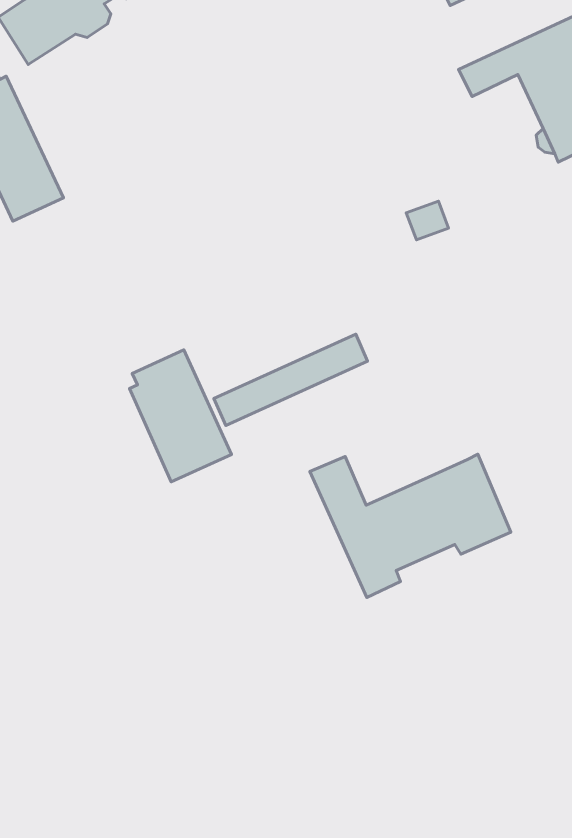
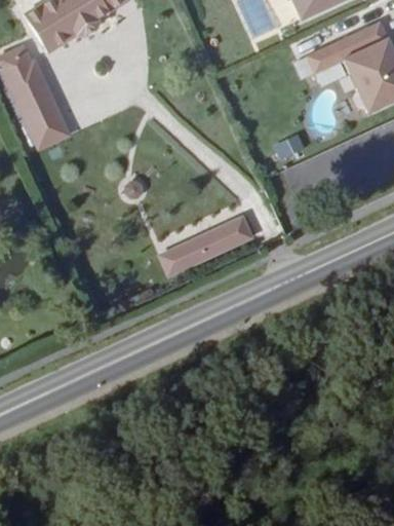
building: [129,350,231,482] -> none
building: [310,454,511,597] -> none

